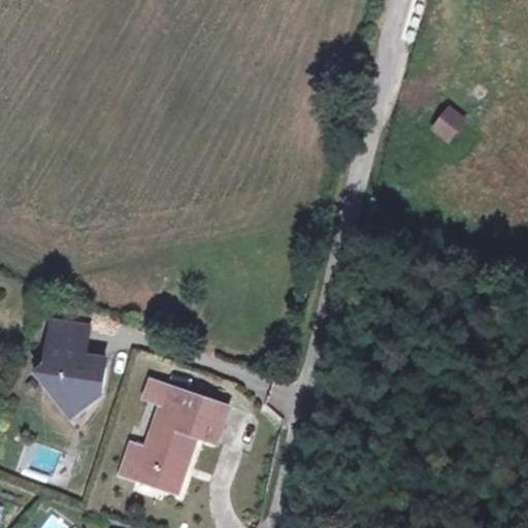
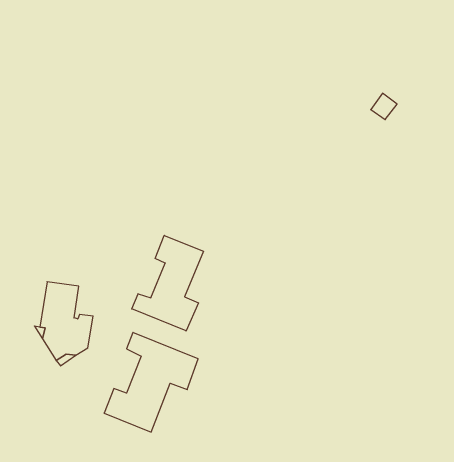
building: none -> [132,235,203,331]

